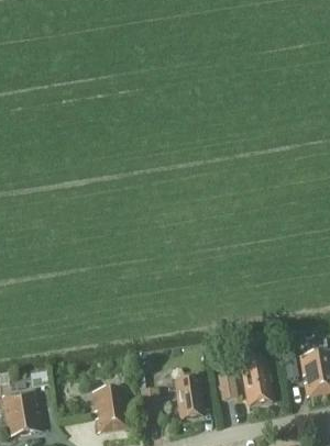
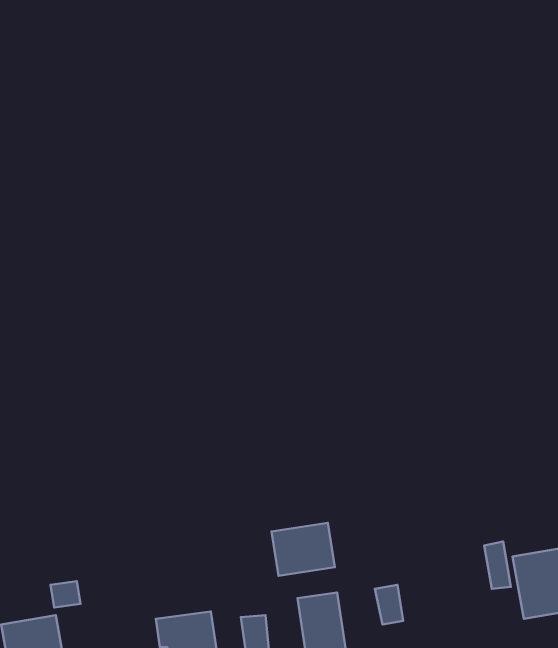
building: none -> [272,523,335,576]
building: [242,363,272,404] -> none

